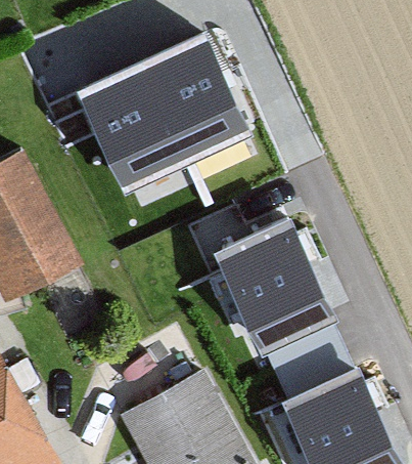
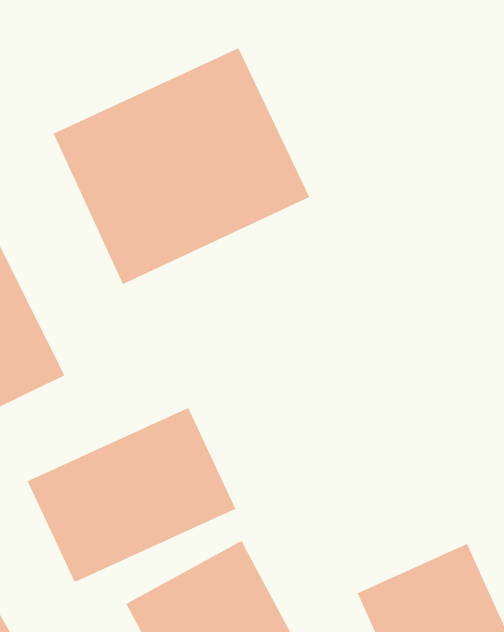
building: [213,224,333,360] -> none
building: none -> [27,407,236,583]

